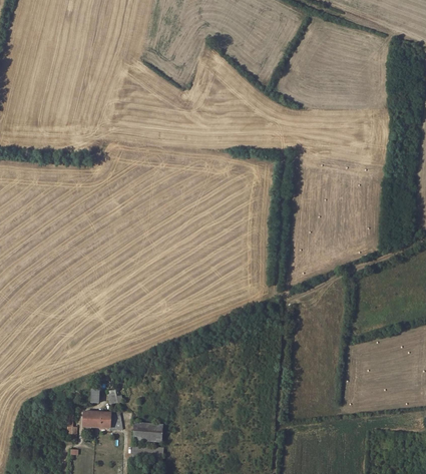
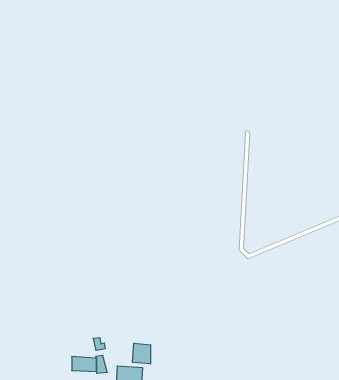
building: none -> [133,343,151,364]

